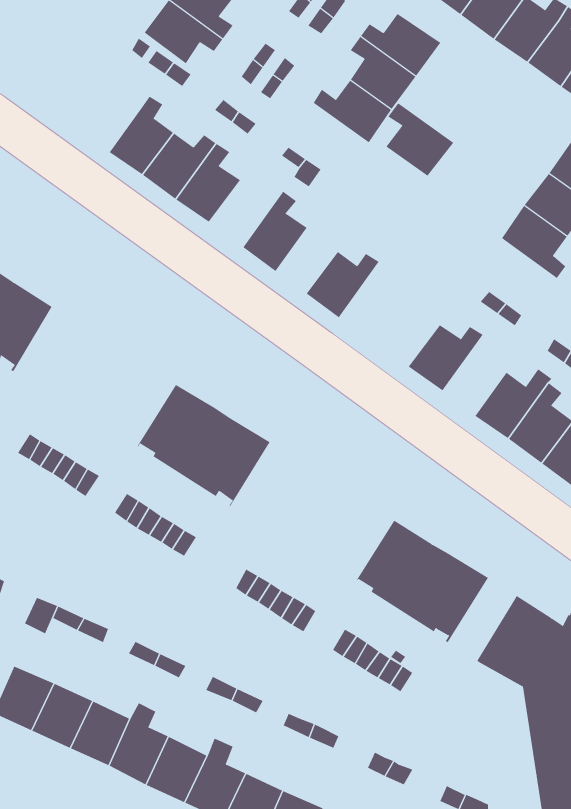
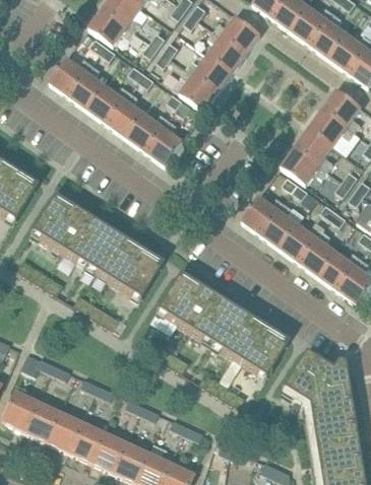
building: none -> [49,57,91,96]
building: [386,102,454,176] -> [179,68,219,111]
building: none -> [281,146,327,184]
building: [306,251,380,318] -> [126,113,169,151]
building: none -> [29,196,107,266]
building: none -> [261,202,298,249]
building: none -> [149,274,233,344]

